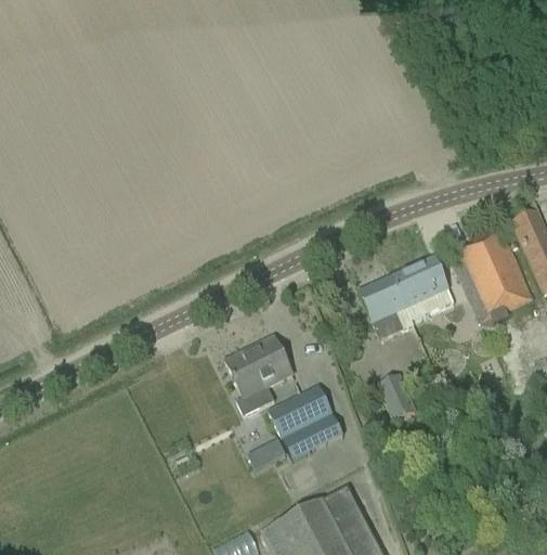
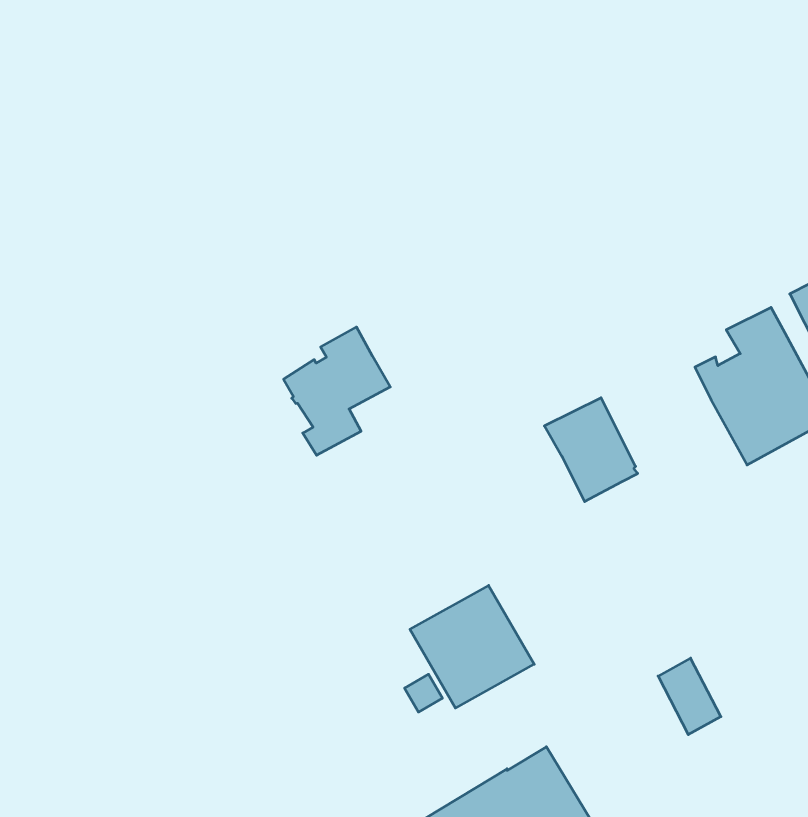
building: [393,255,454,318] -> none
building: [227,336,292,413] -> [284,327,390,455]
building: [377,373,414,420] -> [658,658,721,735]

